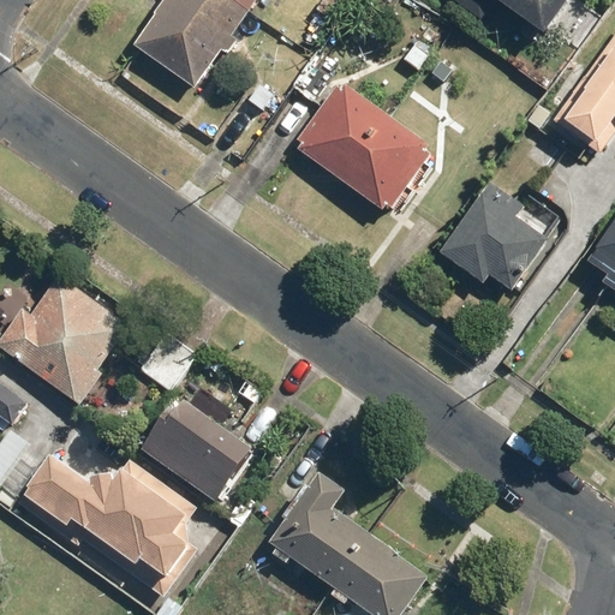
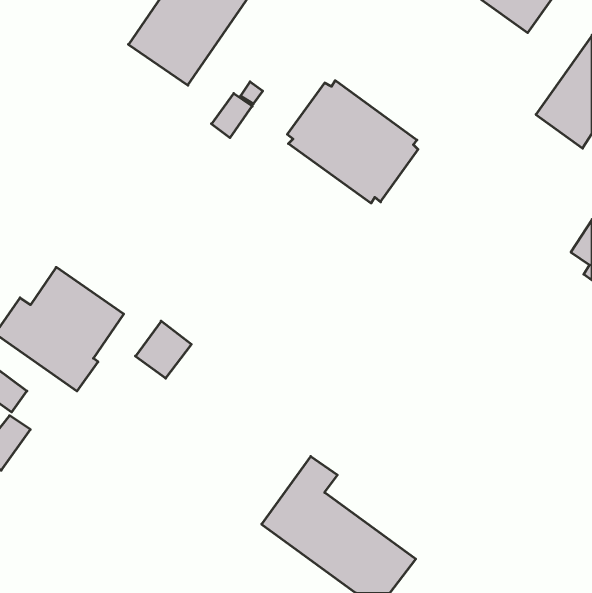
building: [440,181,547,289] -> none
building: [141,400,253,501] -> none
building: [17,450,198,596] -> none

